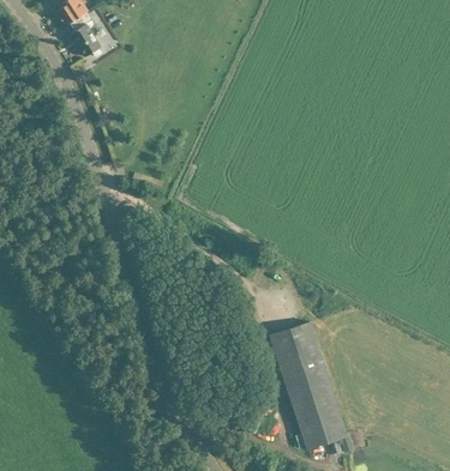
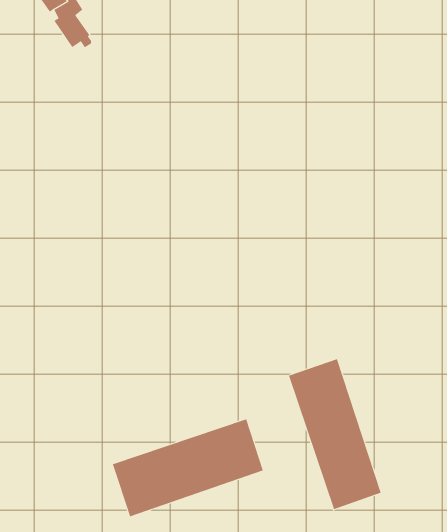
building: none -> [112,418,263,517]

